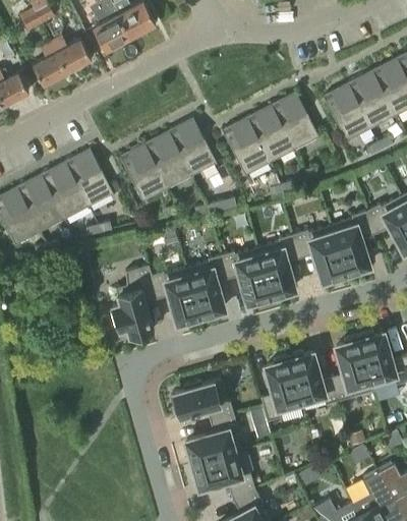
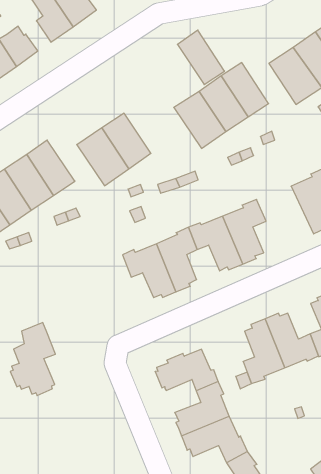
building: [170,119,215,175] -> [177,30,225,85]
building: [294,225,348,281] -> none
building: [110,265,158,338] -> [10,323,55,396]

